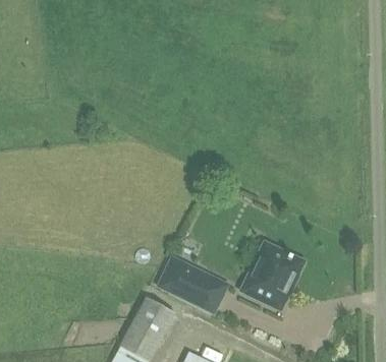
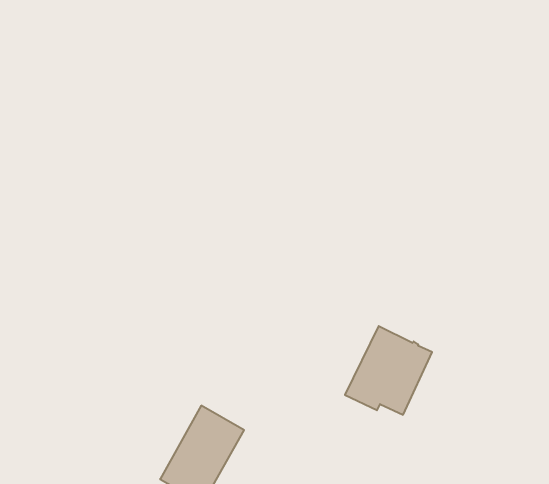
building: [158,257,231,315] -> none

